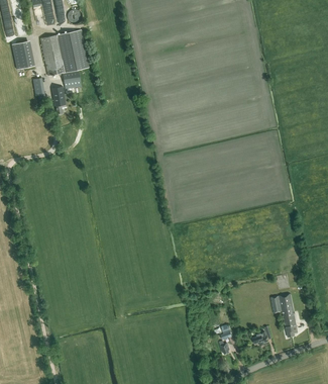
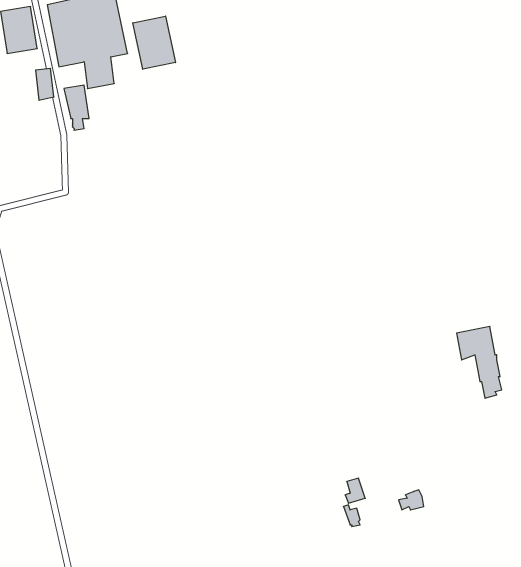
building: none -> [133,16,175,69]
building: [270,294,298,338] -> [457,326,502,398]

